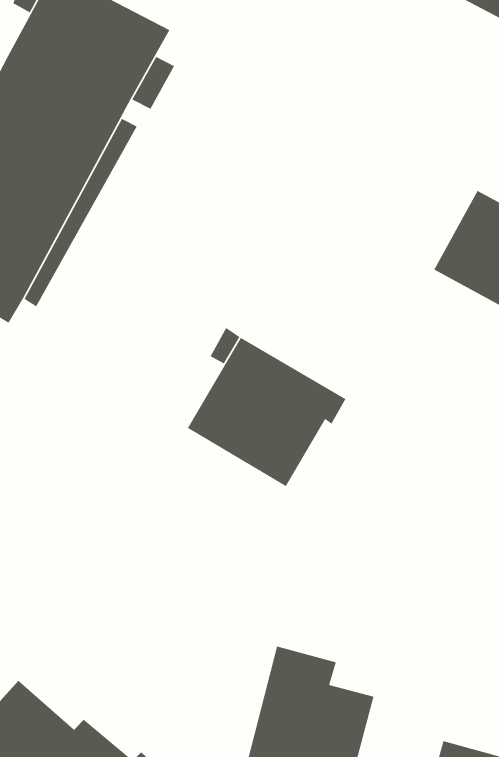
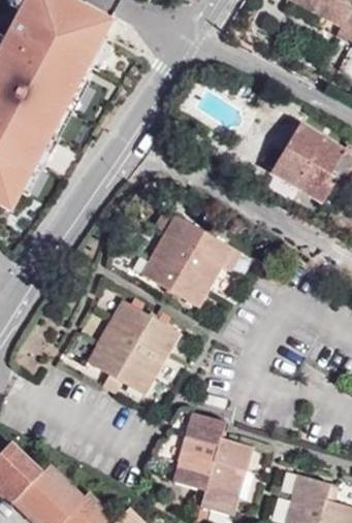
building: none -> [76,302,172,401]

